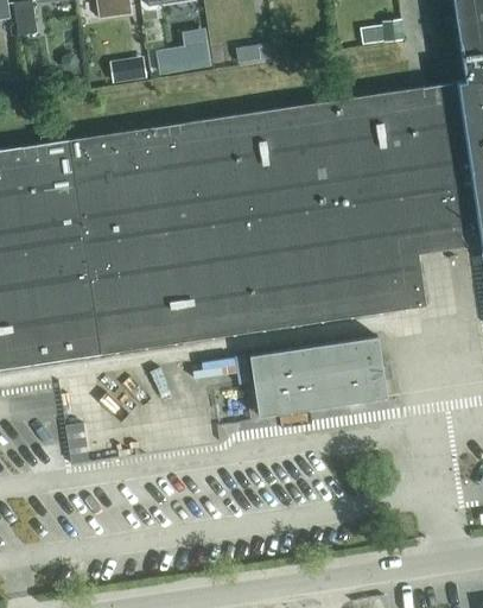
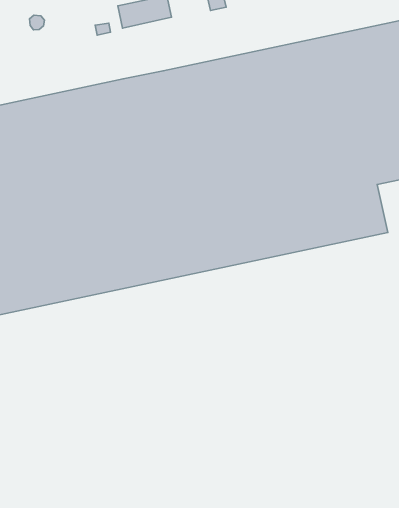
building: [249,337,387,417] -> none

